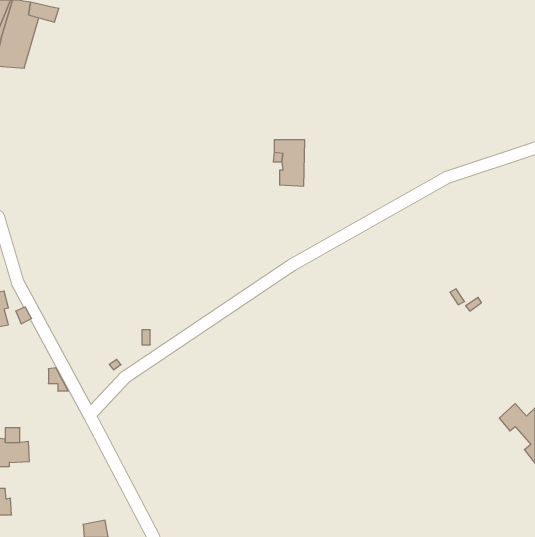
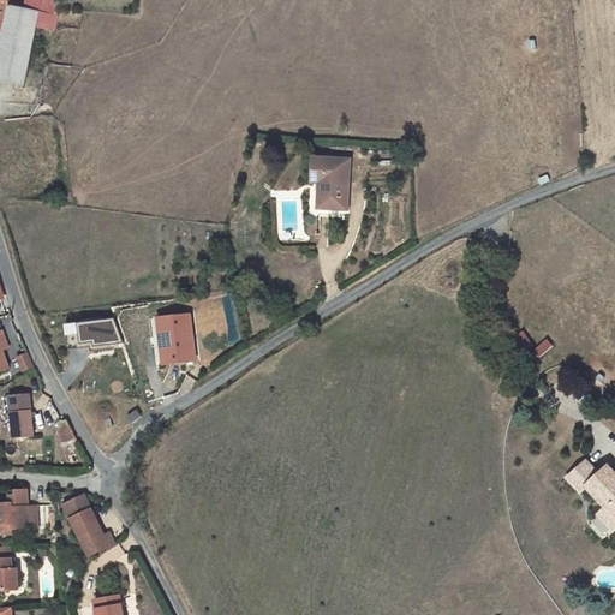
building: none -> [162,315,192,363]
building: none -> [79,318,120,346]
building: none -> [6,392,29,437]
building: none -> [64,495,117,556]

